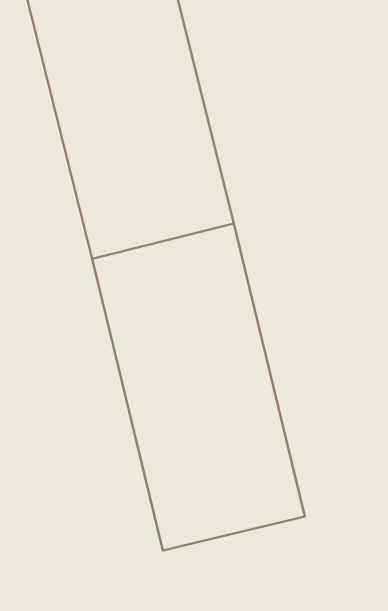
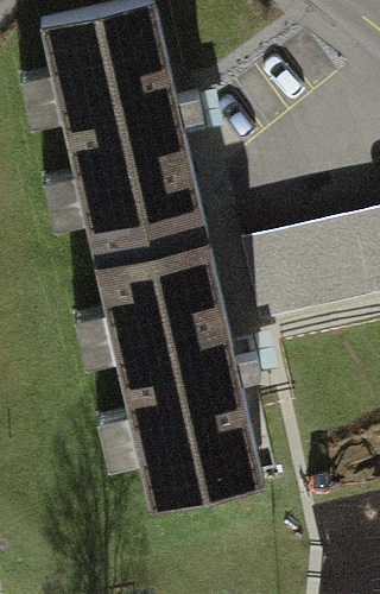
building: none -> [248,223,342,316]

